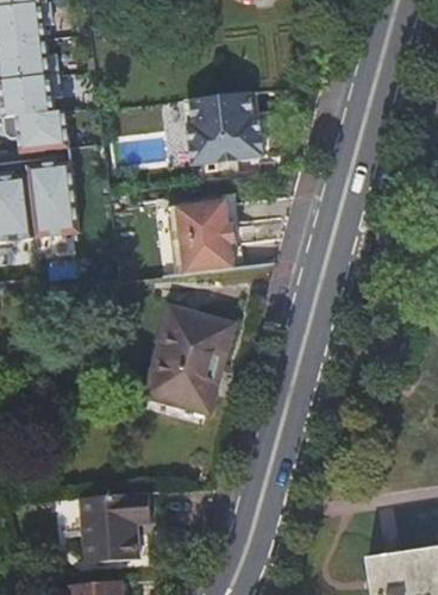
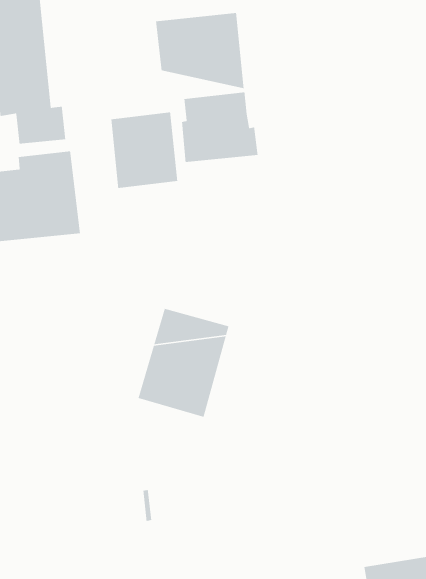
building: none -> [155,12,244,89]
building: [164,200,231,276] -> [110,111,178,189]
building: [79,487,145,560] -> none

